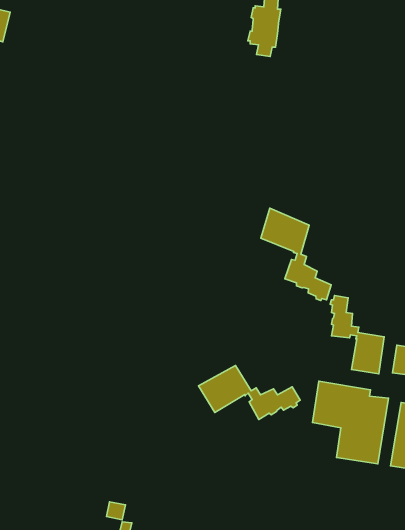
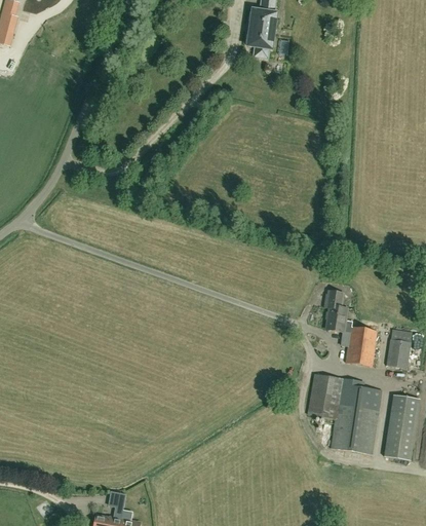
building: [261,208,331,300] -> none
building: [199,365,300,420] -> none

